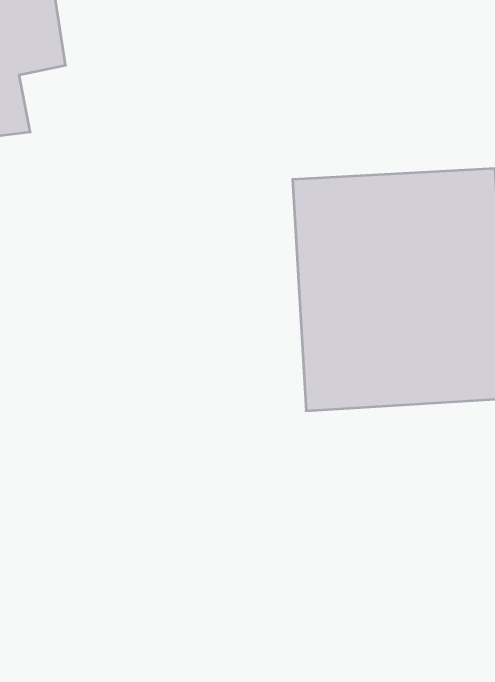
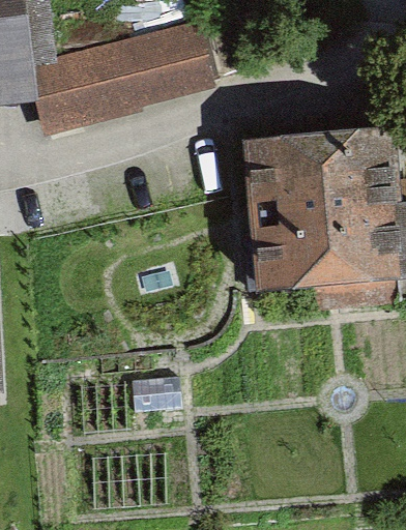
building: none -> [31,24,218,118]

